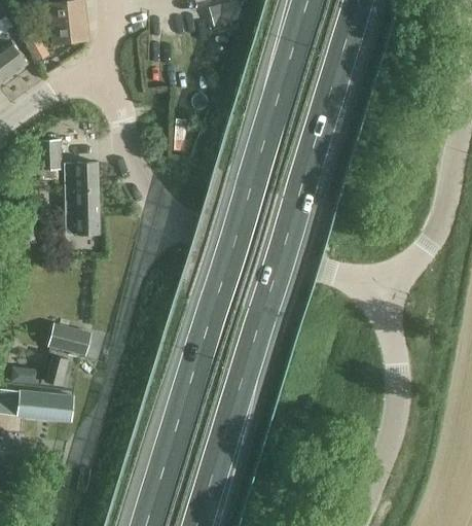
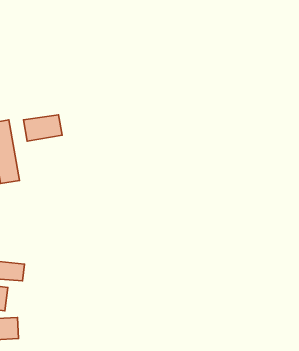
building: none -> [24,115,62,141]

